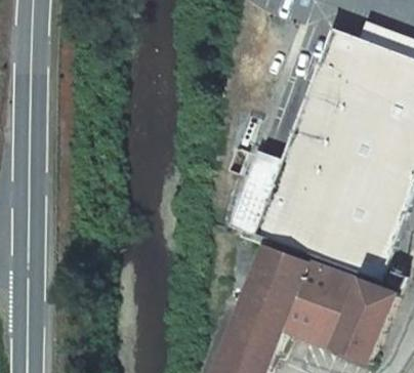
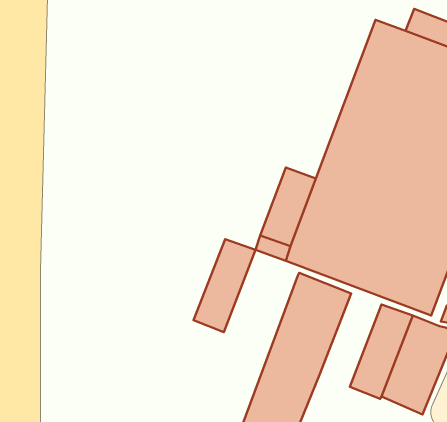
building: [282,260,334,339] -> [194,239,255,332]

